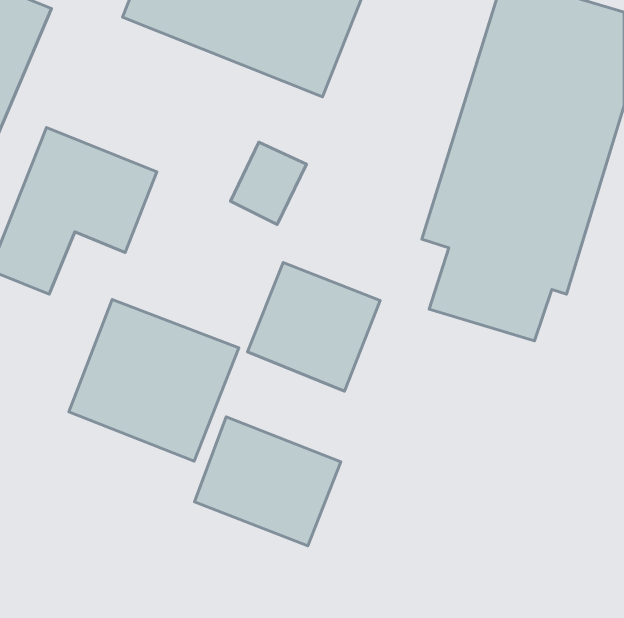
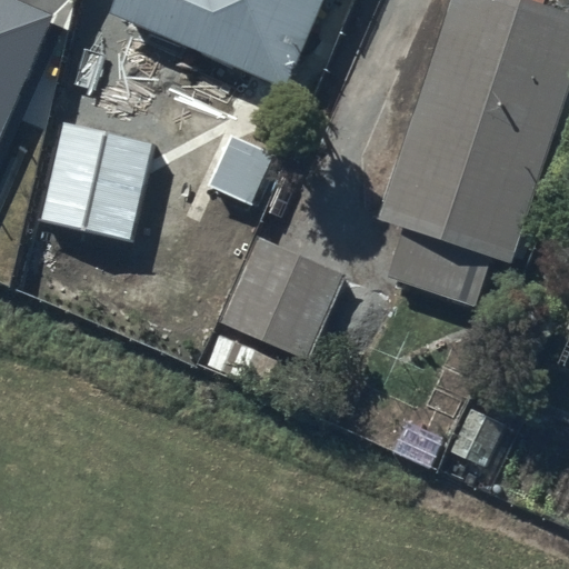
building: [69,300,239,461] -> none
building: [195,417,341,546] -> none

